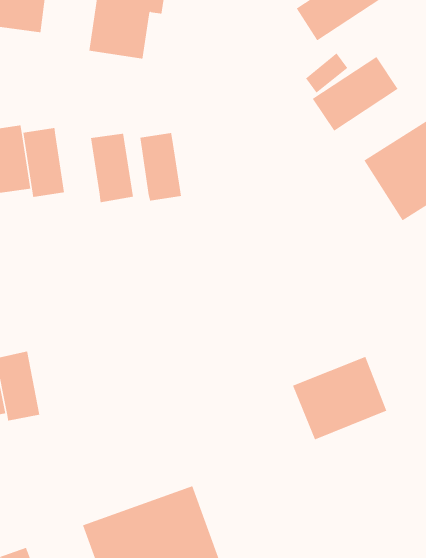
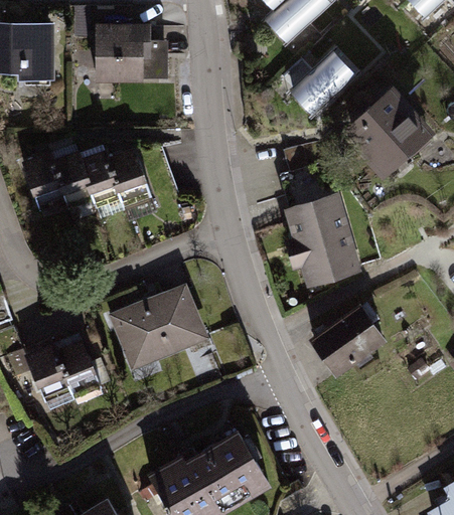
building: [139,132,182,201] -> [82,149,124,208]
building: none -> [288,194,361,286]
building: none -> [109,284,209,370]

